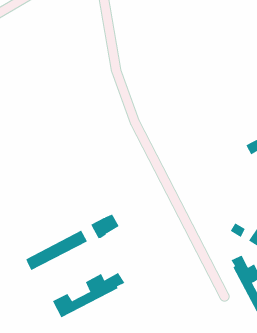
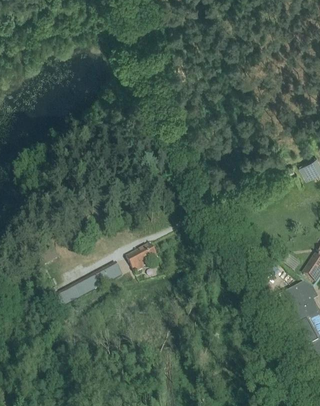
building: [52,272,125,318] -> none

